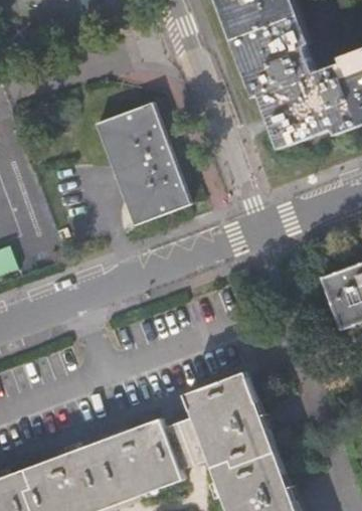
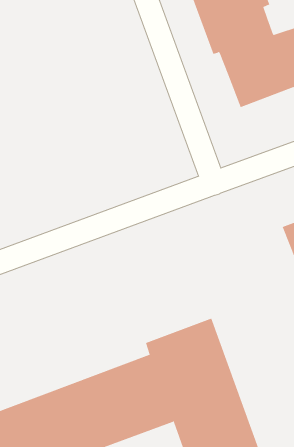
building: [97,102,190,224] -> none

